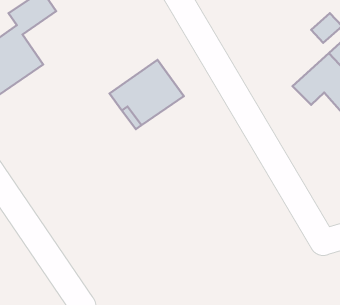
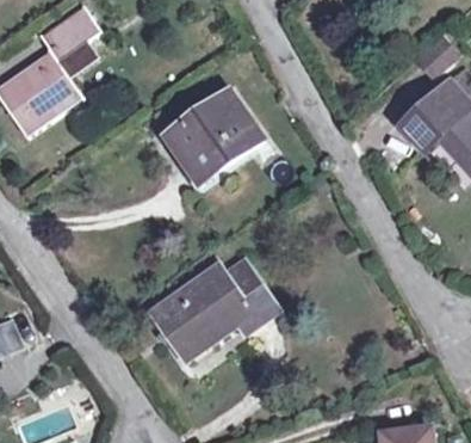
building: none -> [148,259,279,361]

